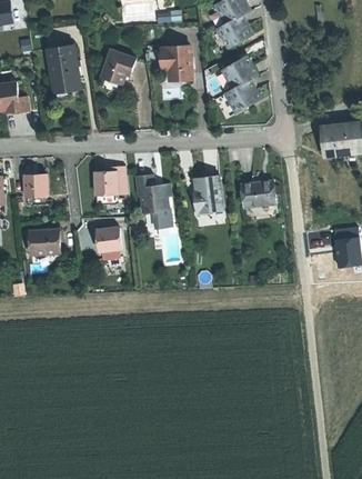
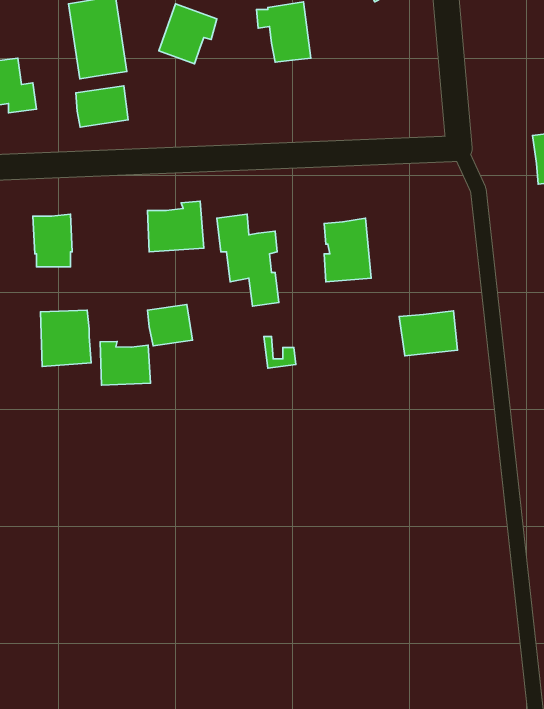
building: [221,57,259,112] -> none
building: none -> [76,86,128,127]
building: [240,180,274,207] -> [399,311,457,356]
building: none -> [100,342,150,385]

